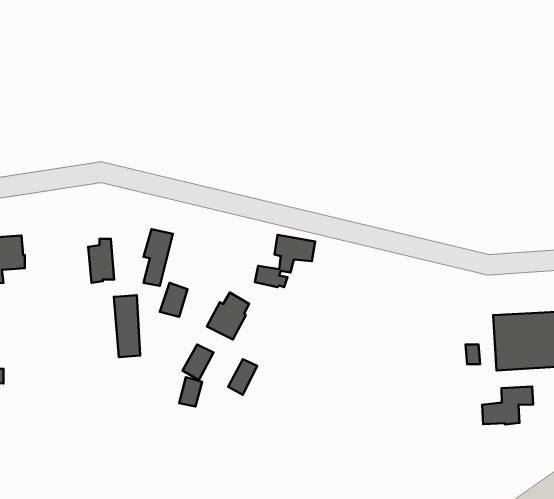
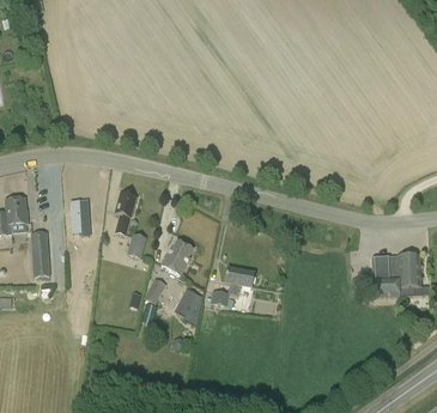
building: [255,235,315,287] -> [211,268,255,306]
building: [114,295,140,357] -> [31,232,50,278]
building: [482,386,533,424] -> none

